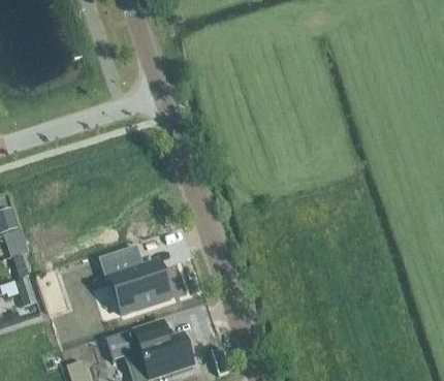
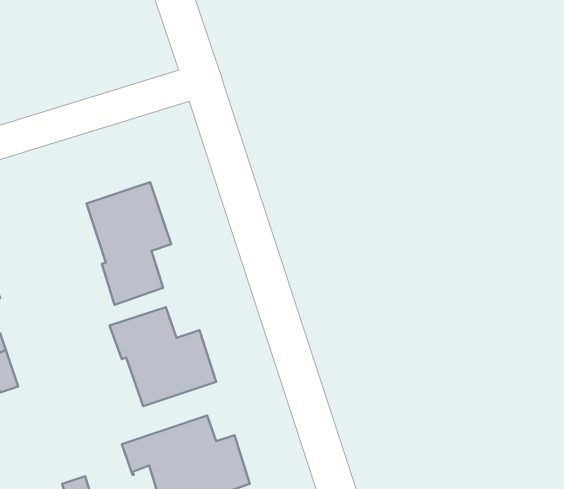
building: none -> [86,182,171,305]

